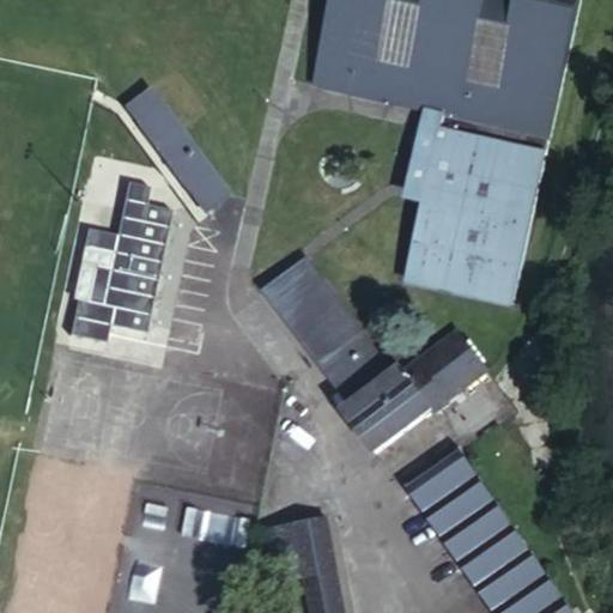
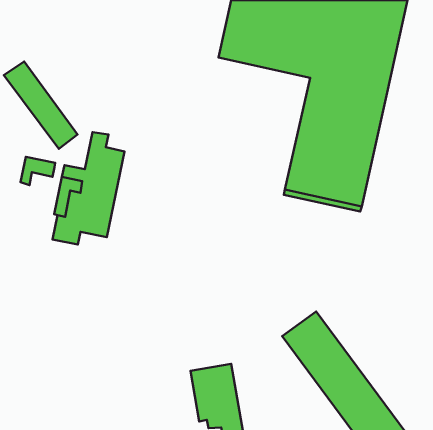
building: [125,84,229,207] -> [4,62,77,149]
building: none -> [21,157,55,185]
building: [259,256,481,450] -> none

